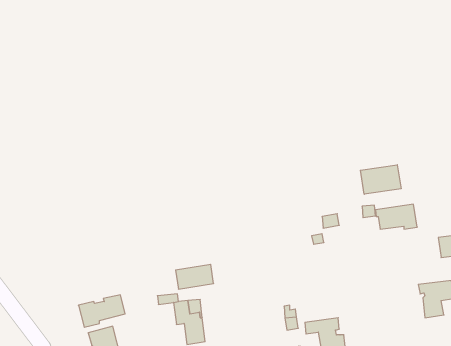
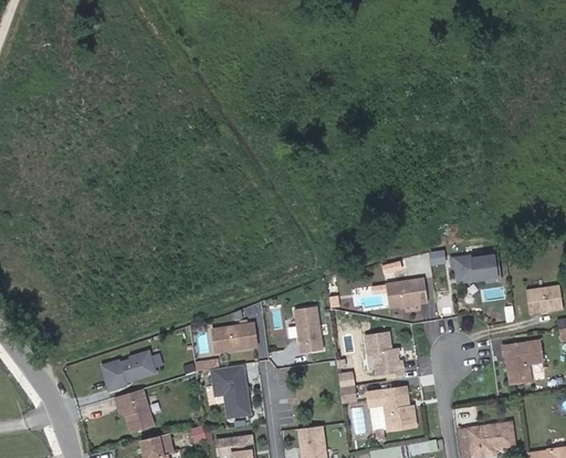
building: [360,165,401,194] -> none
building: none -> [390,279,428,306]
building: none -> [301,306,328,353]
building: none -> [365,331,403,373]

